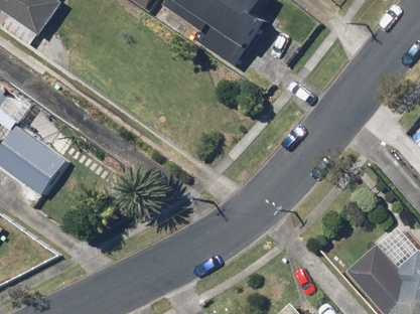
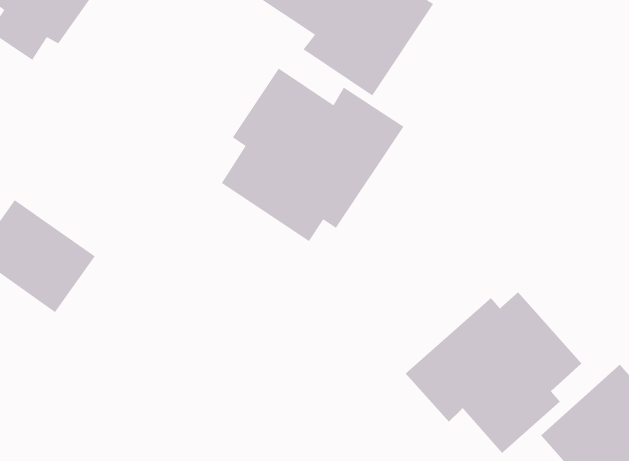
building: none -> [221,68,405,242]
building: none -> [405,291,582,454]

